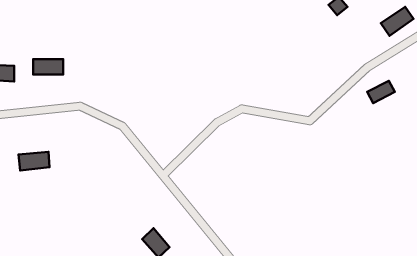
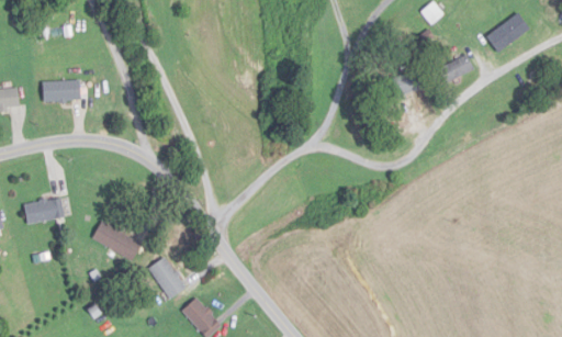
building: [367,81,395,103] -> [438,54,473,82]
building: none -> [92,221,142,260]
building: none -> [149,257,186,299]

